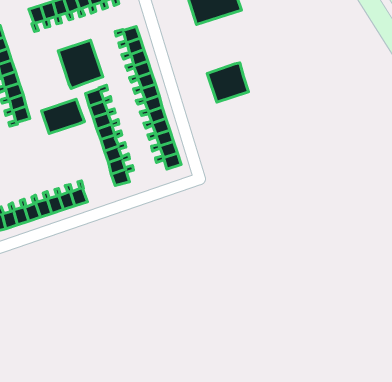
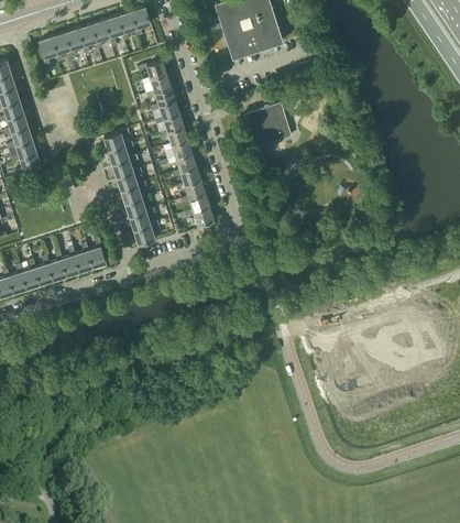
building: [58,40,103,89] -> none
building: [42,99,85,133] -> none

